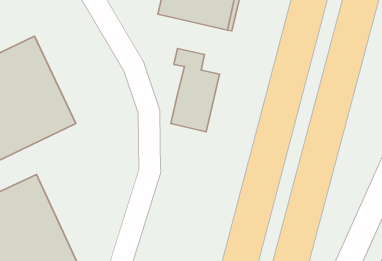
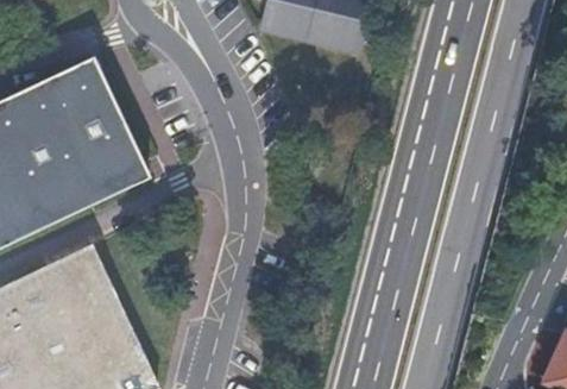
building: [171,49,219,132] -> none

